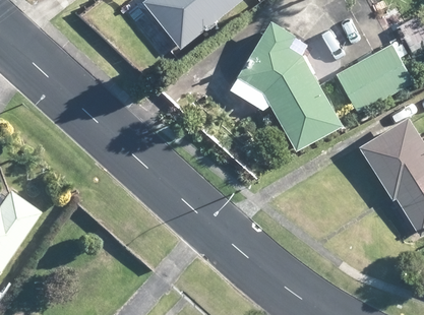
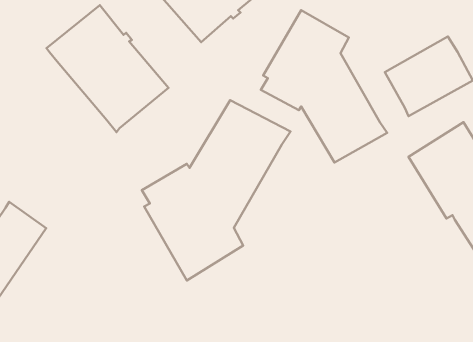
building: none -> [47,5,169,132]
building: none -> [142,100,290,281]

